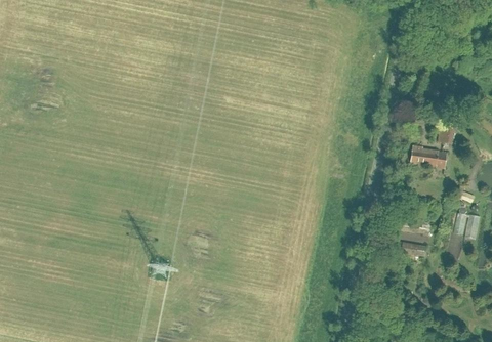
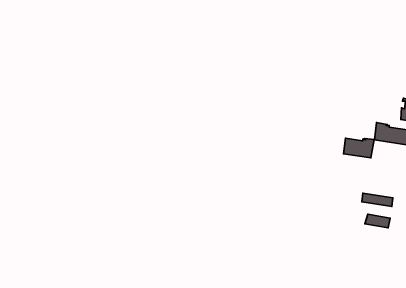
building: none -> [344,138,374,158]

